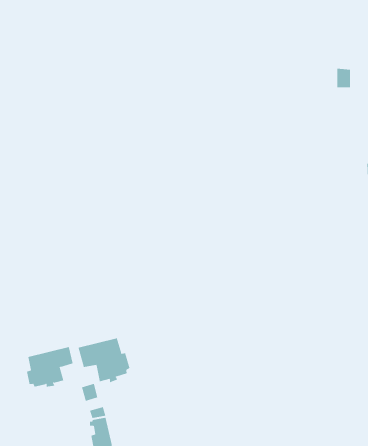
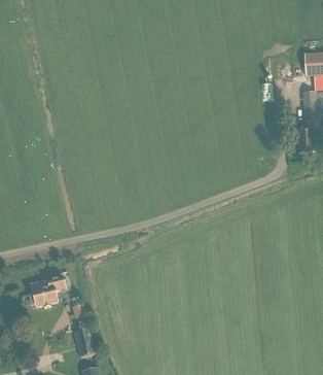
building: [78,337,130,383] -> none

